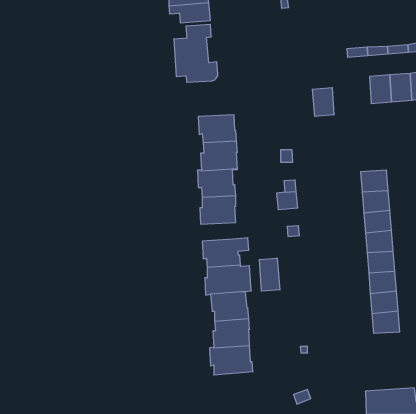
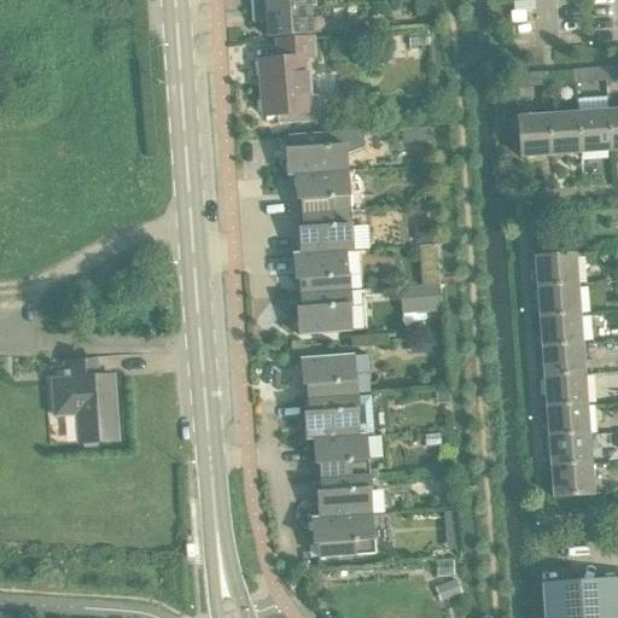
building: none -> [286,129,365,174]
building: [312,88,334,116] -> [518,113,550,156]
building: none -> [53,358,118,444]
building: [260,258,280,291] -> none

